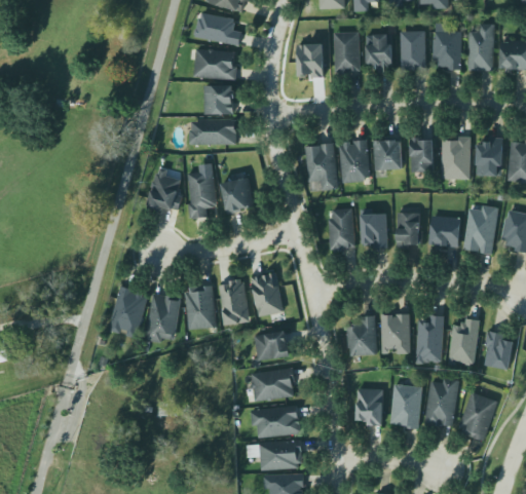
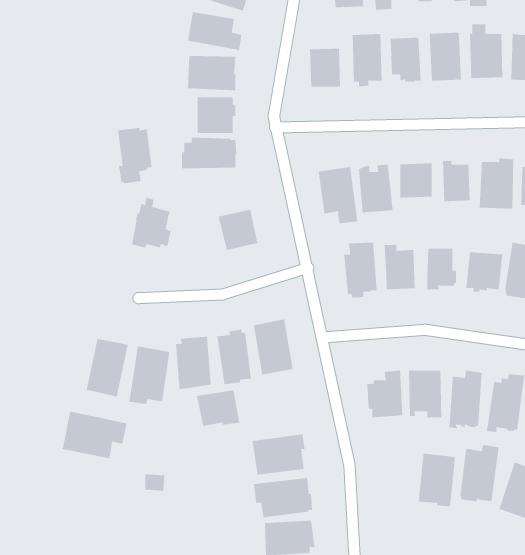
building: [187,170,217,218] -> [117,128,152,184]
building: [254,331,291,362] -> [196,390,240,426]
building: none -> [62,411,127,459]
building: [355,388,383,428] -> none

